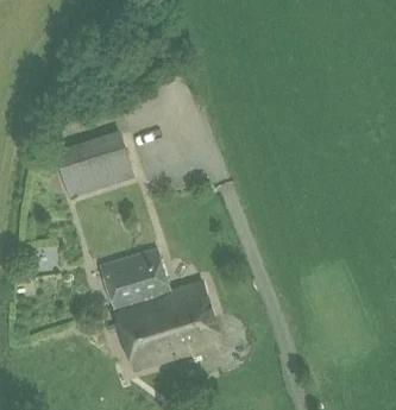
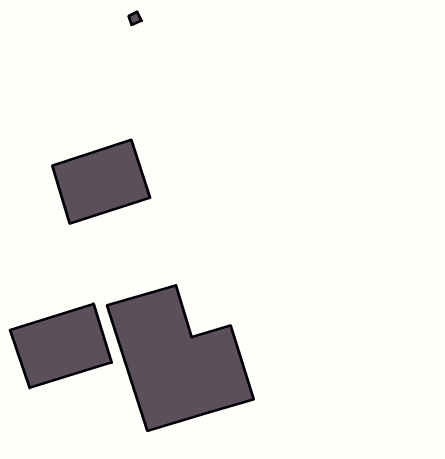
building: none -> [10,304,112,388]

